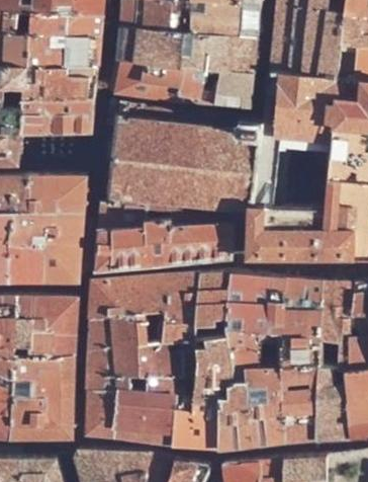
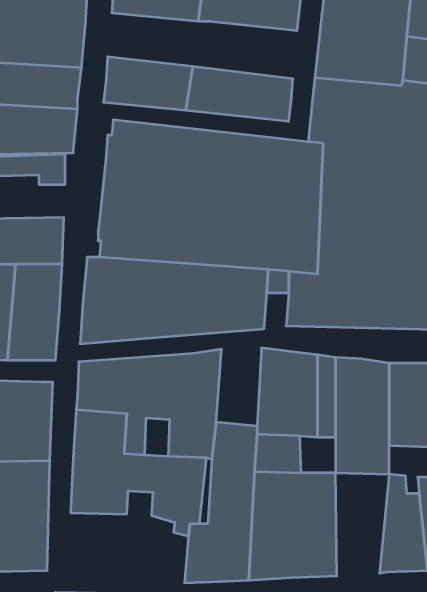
building: [116,27,256,76] -> none
building: [196,274,229,332] -> none
building: [284,367,324,443] -> none
building: [87,380,176,448] -> none

